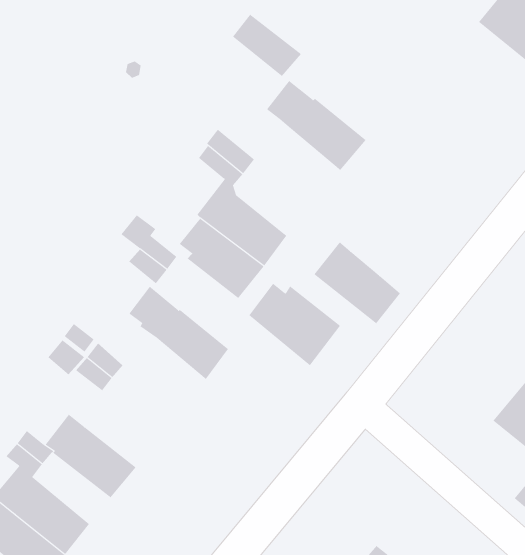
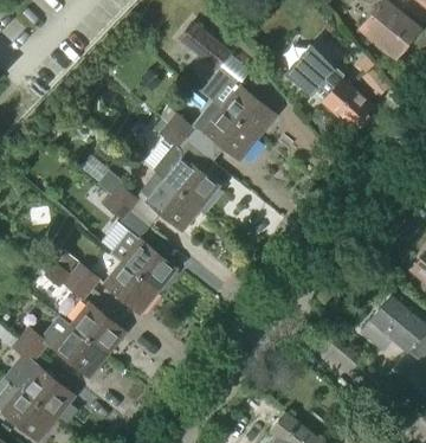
building: none -> [284,44,373,128]
building: [313,242,401,324] -> [194,101,258,161]
building: [248,283,341,366] -> none
building: none -> [104,261,160,315]
building: none -> [71,303,127,355]

